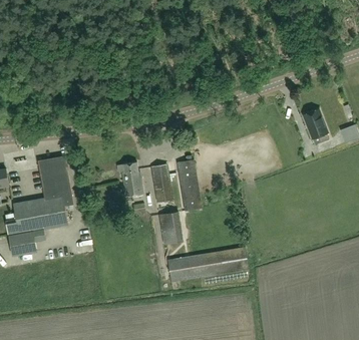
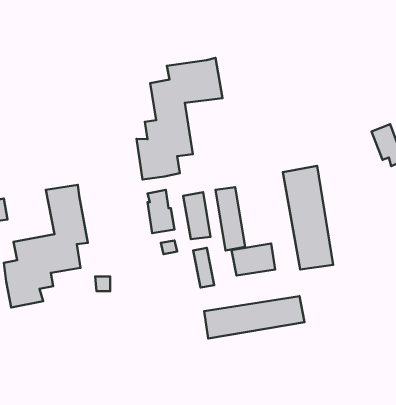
building: none -> [137,58,222,180]
building: none -> [283,166,333,270]
building: none -> [232,244,275,276]

